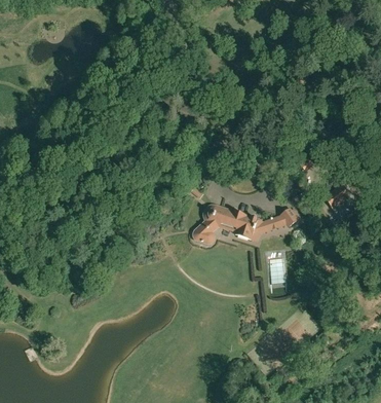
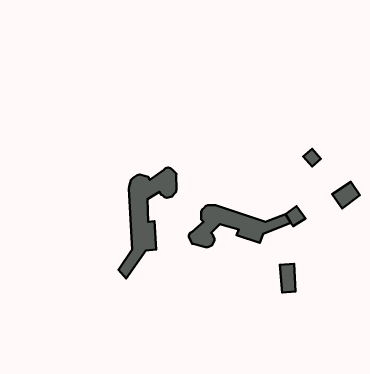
building: none -> [118,167,177,279]

